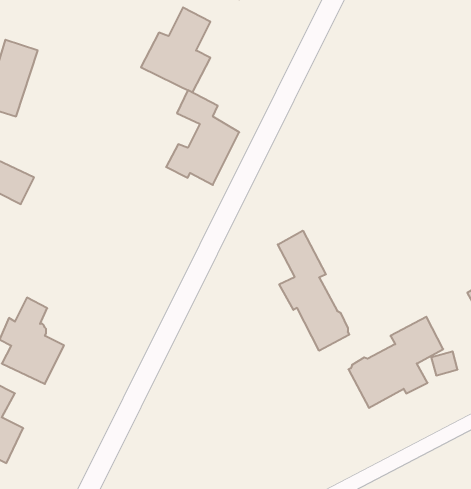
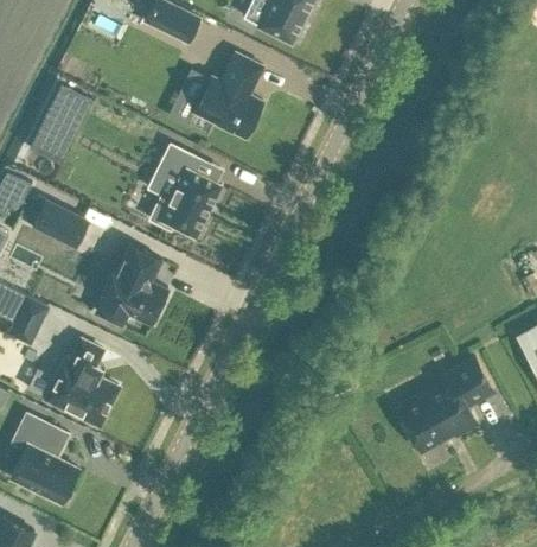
building: [166,90,239,185] -> [148,144,220,237]
building: none -> [96,244,167,325]
building: [278,231,349,351] -> none

